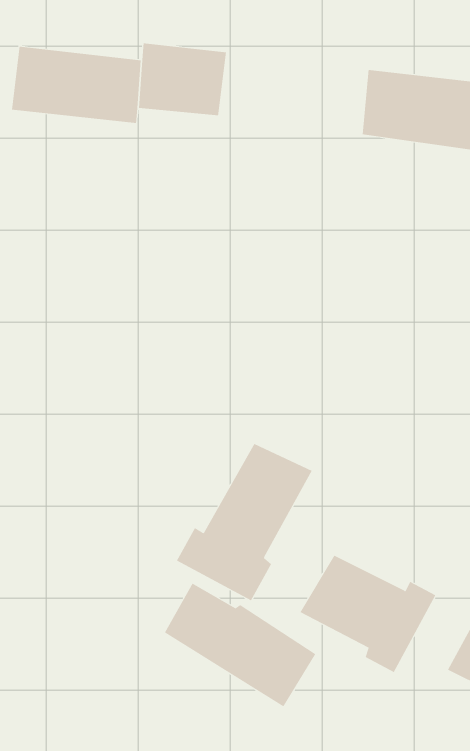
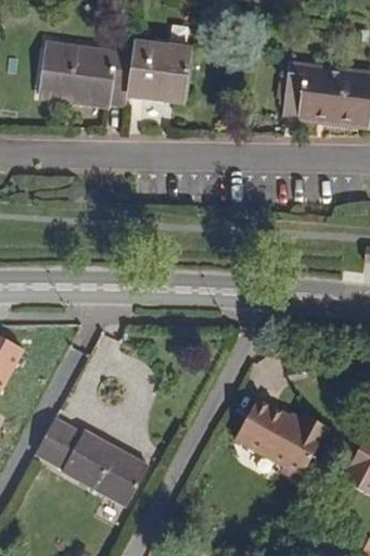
building: [176,443,313,601] -> none
building: [164,583,316,707] -> [42,419,149,506]

